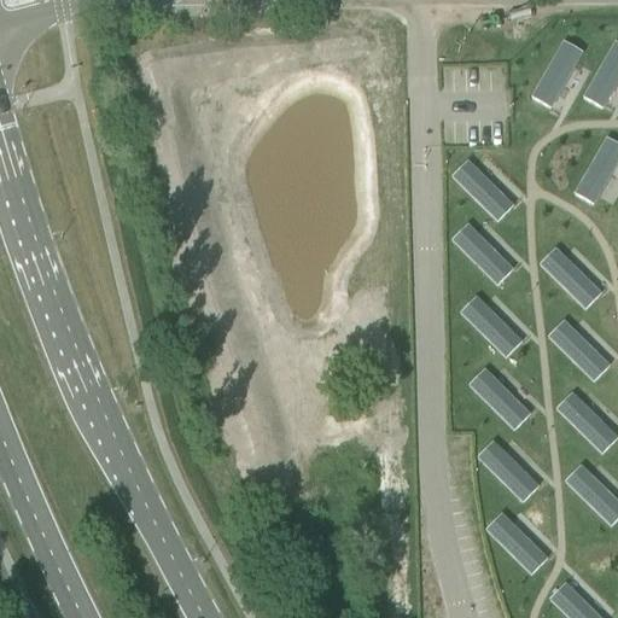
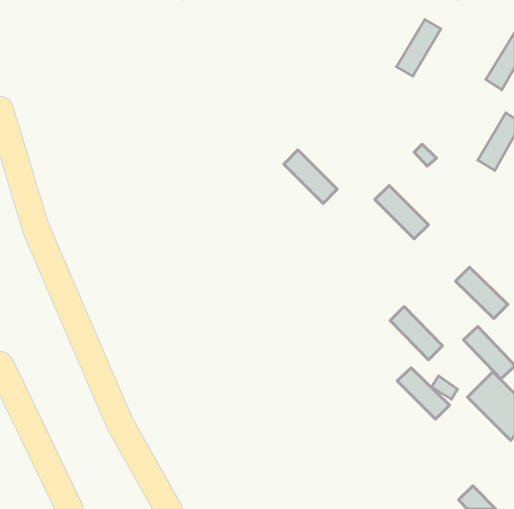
building: [531,40,584,107] -> [397,20,441,76]
building: [451,158,515,222] -> [284,150,337,203]
building: [540,247,602,309] -> none
building: [460,295,523,357] -> none
building: [485,512,548,575] -> none

